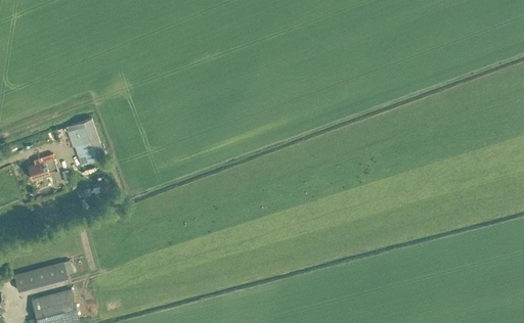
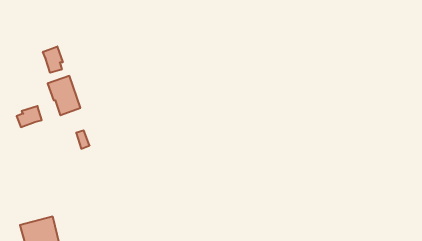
building: none -> [43,46,63,73]
building: [13,262,68,290] -> none

